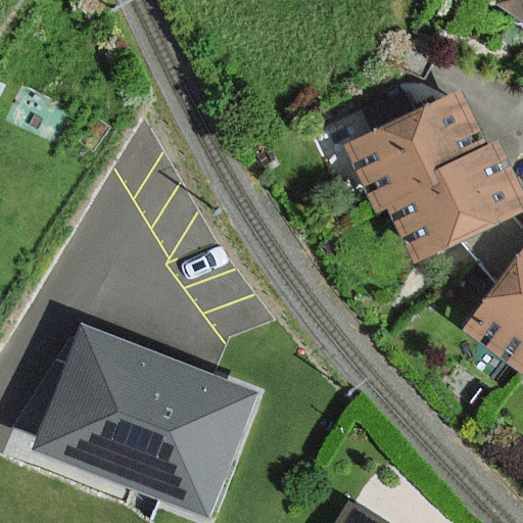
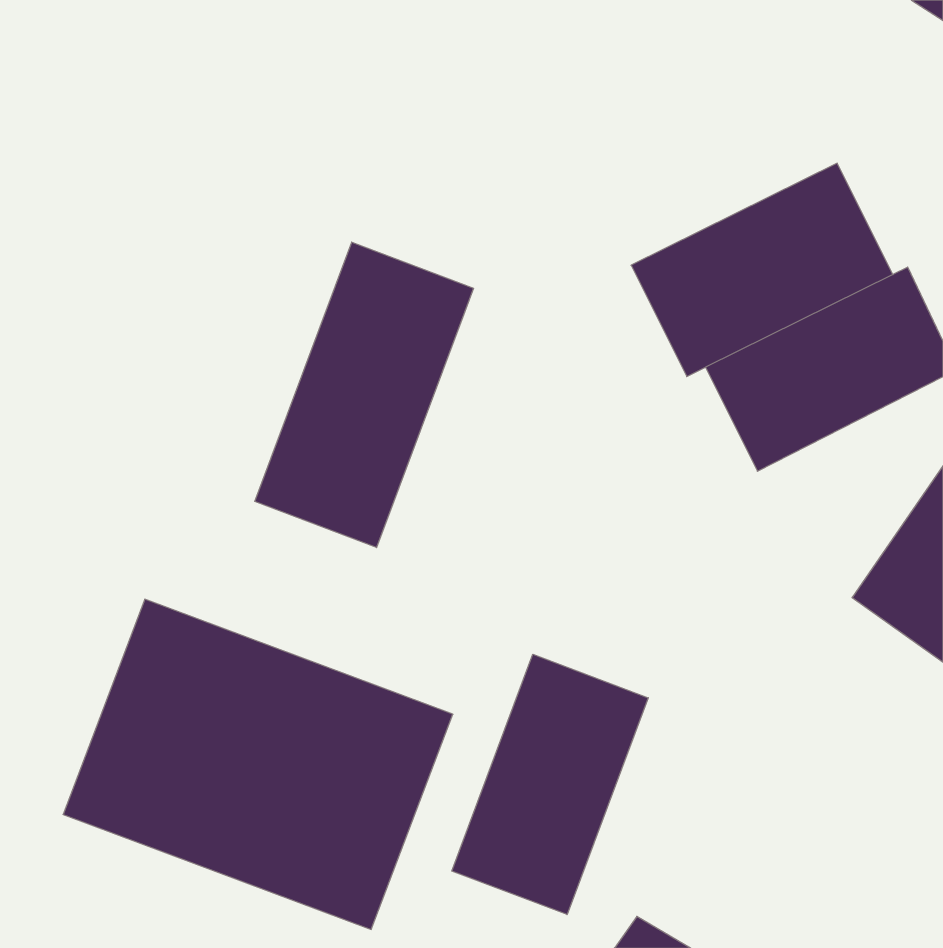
building: none -> [255,242,474,548]
building: none -> [452,654,648,915]

